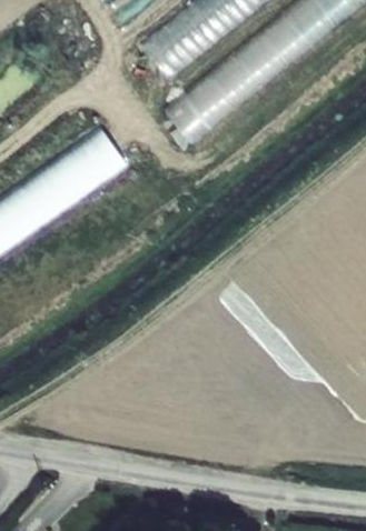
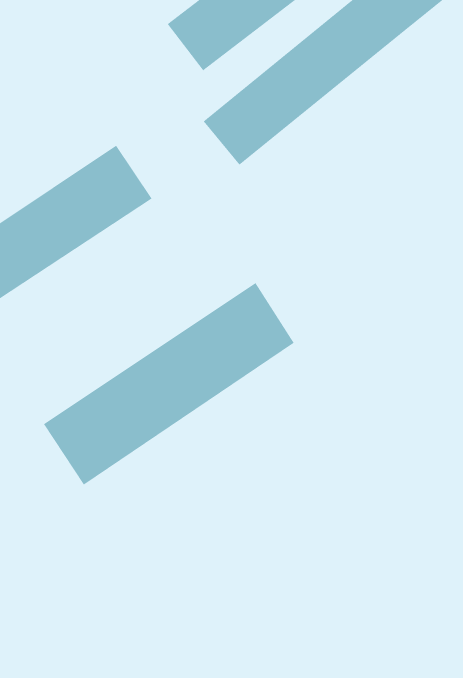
building: none -> [43,282,295,485]

